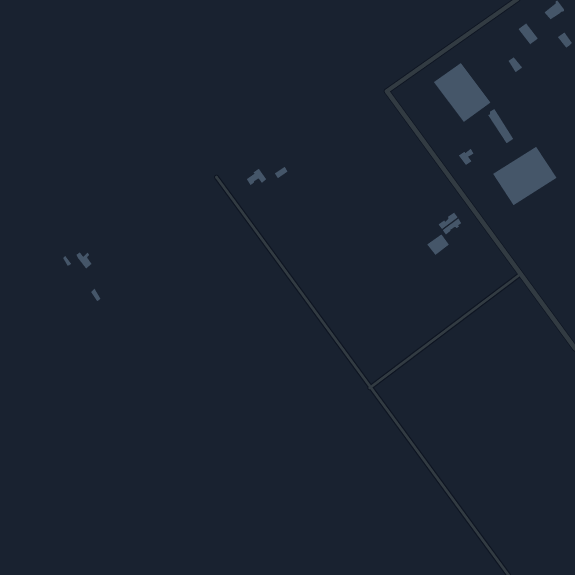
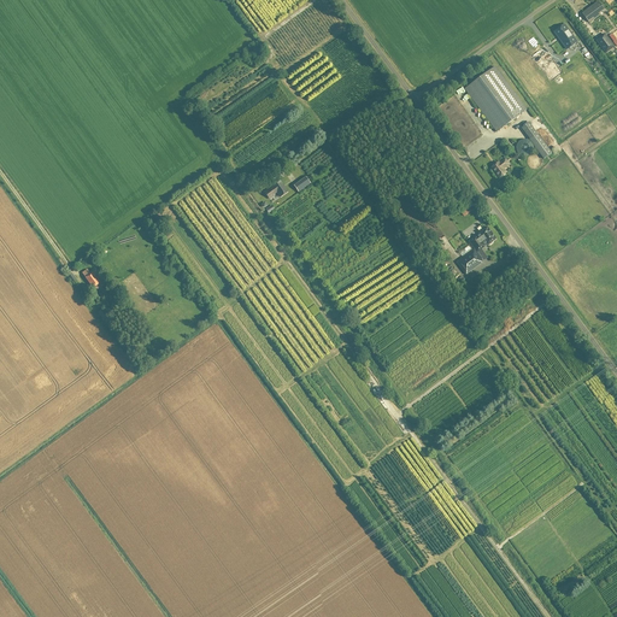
building: [492,146,558,206] -> none

